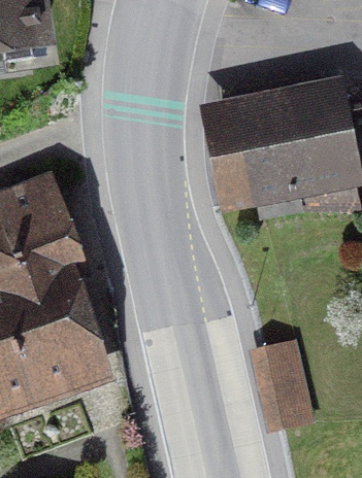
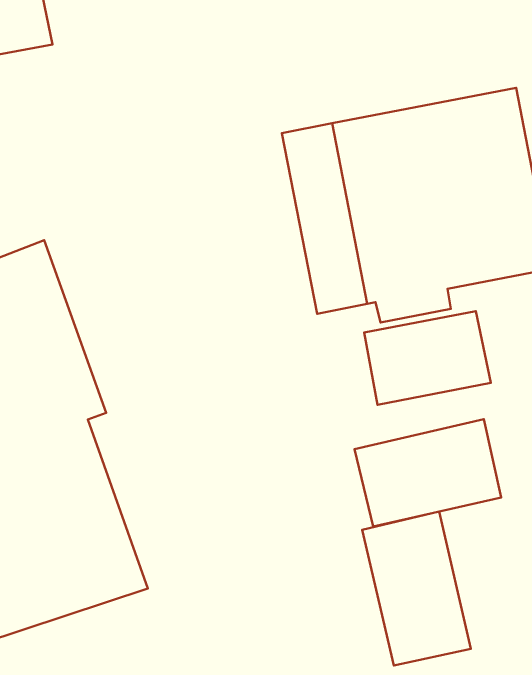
building: none -> [364,311,491,405]
building: none -> [354,419,501,527]

